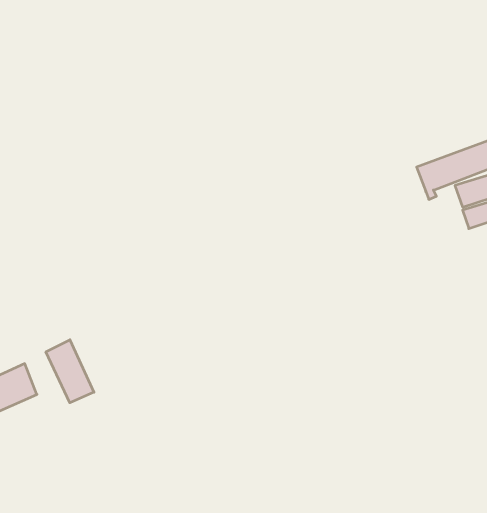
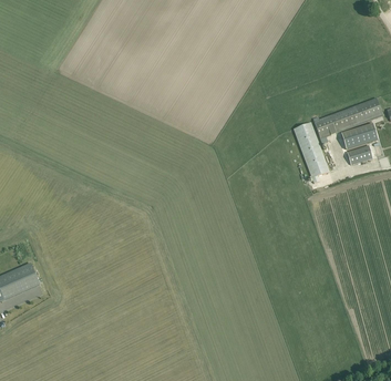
building: none -> [294,122,329,183]
building: [46,340,94,403] -> none

